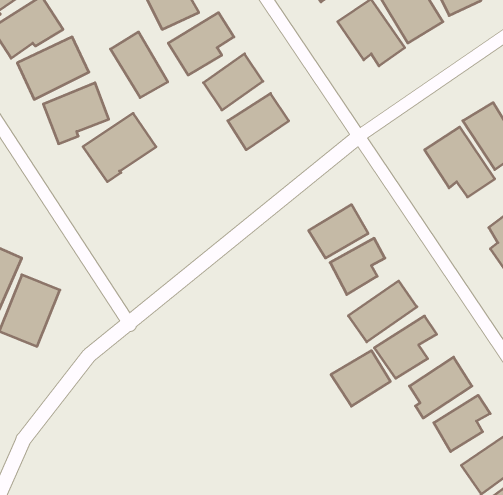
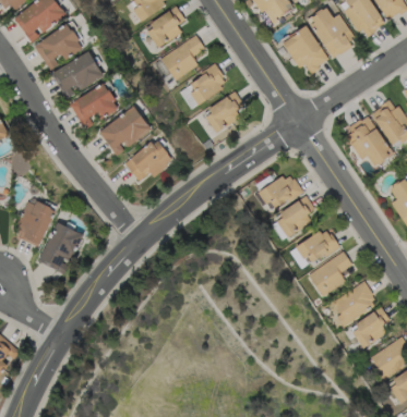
building: [110,32,168,98] -> none
building: none -> [124,139,175,181]
building: [331,351,390,406] -> none

